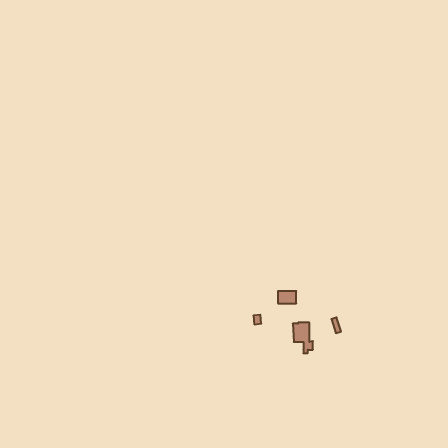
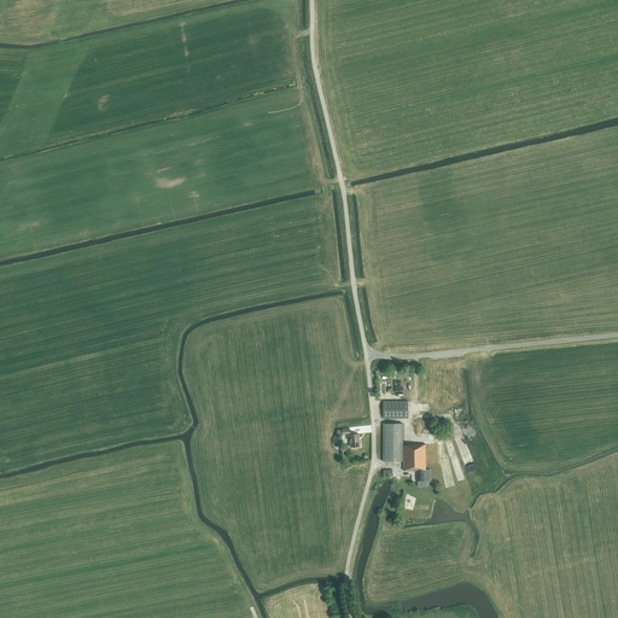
building: none -> [383,424,403,461]

